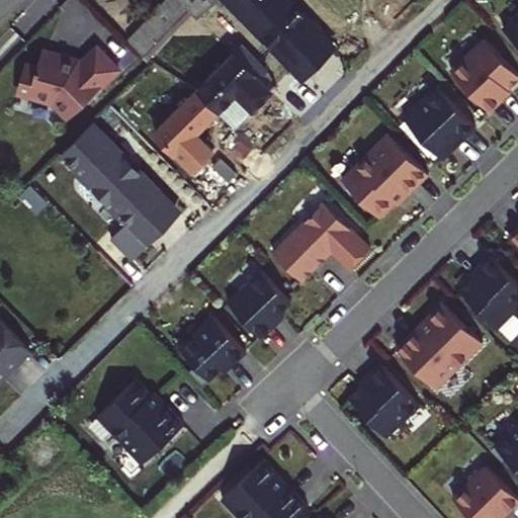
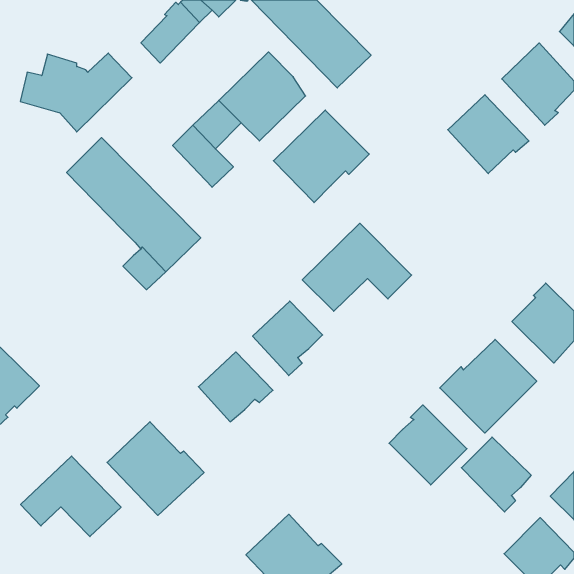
building: [341,136,427,219] -> [273,110,369,203]
building: none -> [461,437,531,512]
building: none -> [21,456,121,537]

